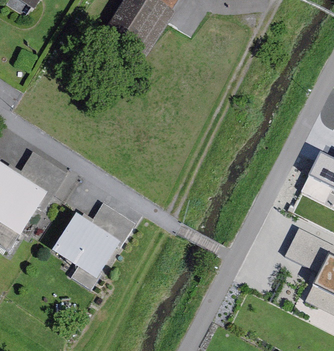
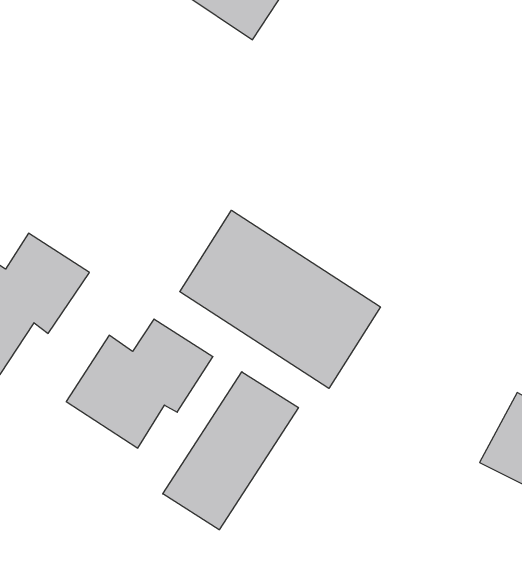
building: none -> [180,210,380,388]
building: none -> [163,372,298,530]

